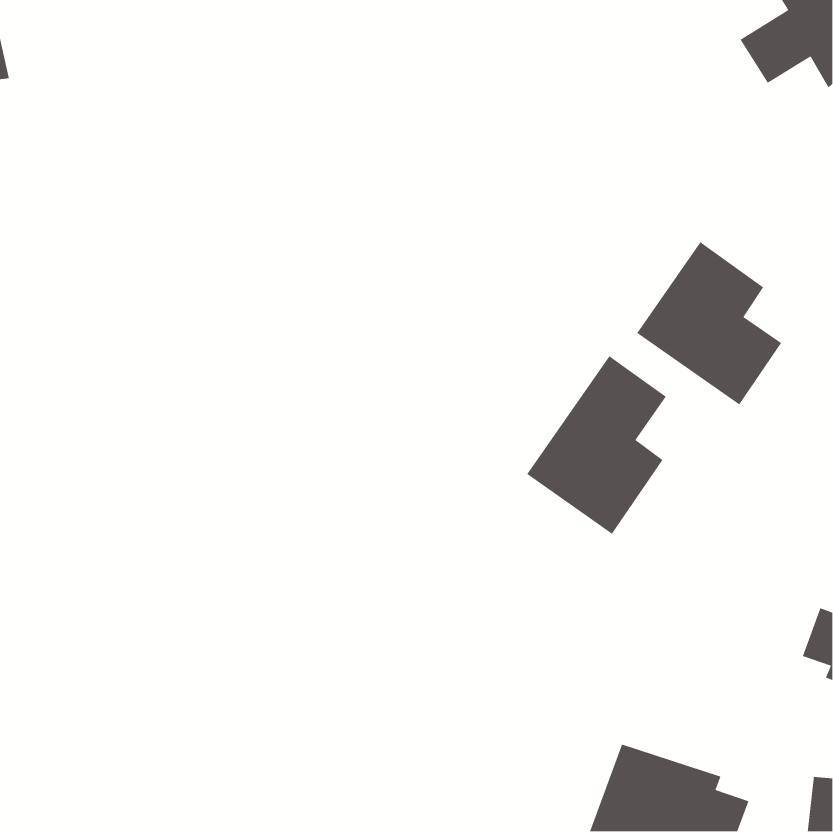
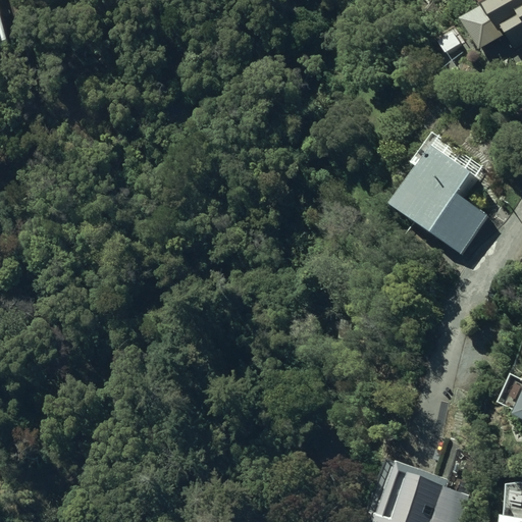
building: [526,355,667,535] -> none

